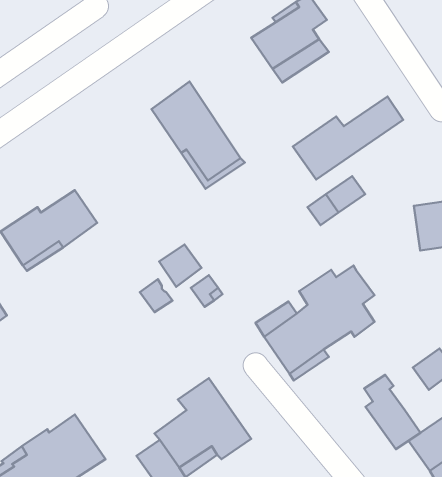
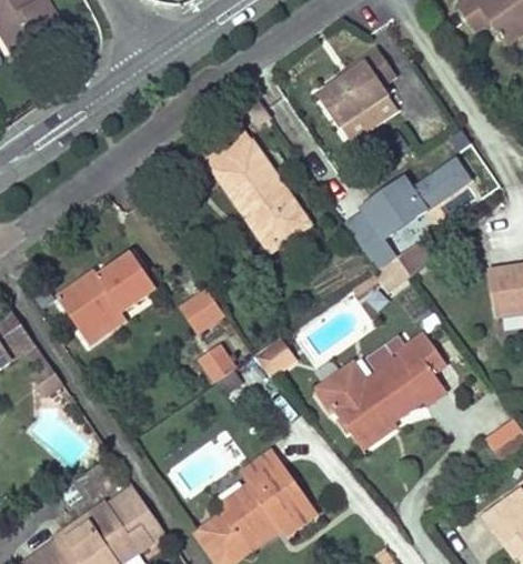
building: none -> [345,211,395,270]
building: [159,244,202,287] -> [179,286,223,331]
building: [364,375,420,449] -> none

